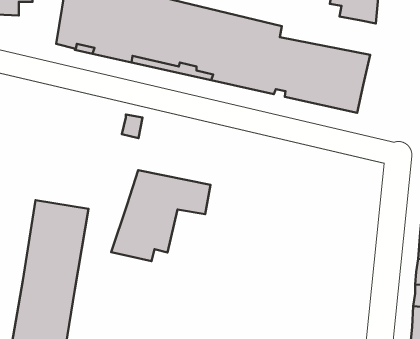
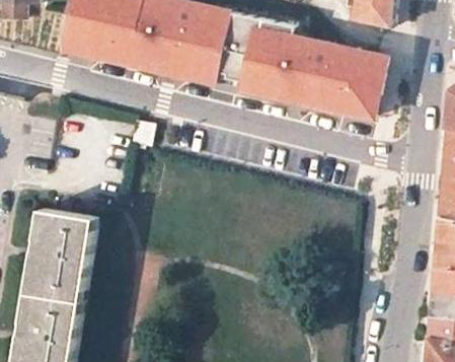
building: [111,170,211,261] -> none

